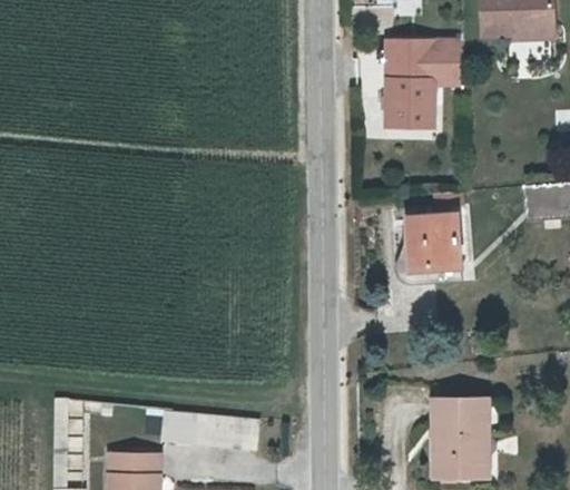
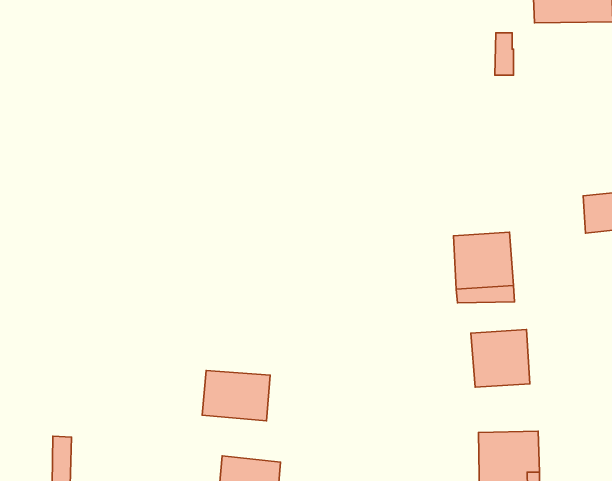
building: [386,56,439,126] -> none
building: none -> [471,329,530,387]
building: none -> [202,371,270,421]

